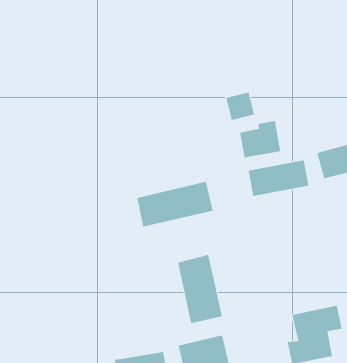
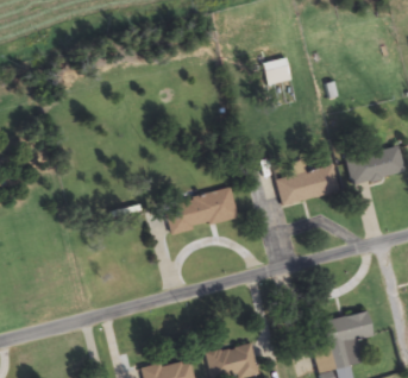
building: [225,92,255,120] -> [262,56,291,84]
building: [239,120,281,158] -> none
building: [178,254,223,324] -> none

